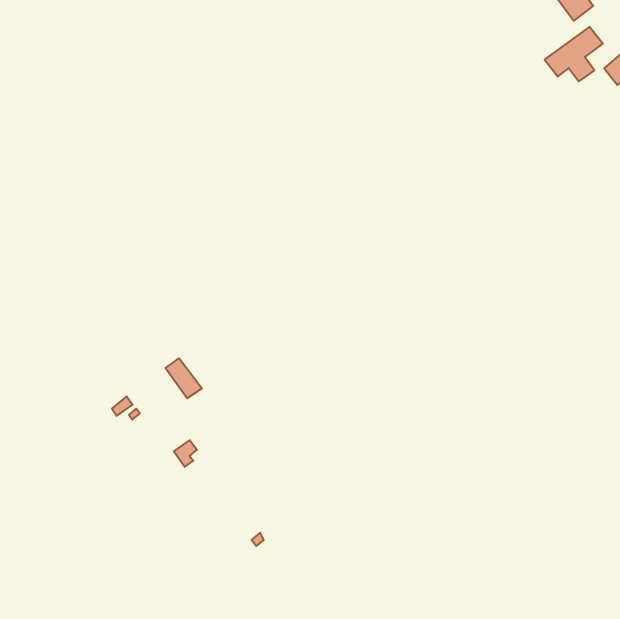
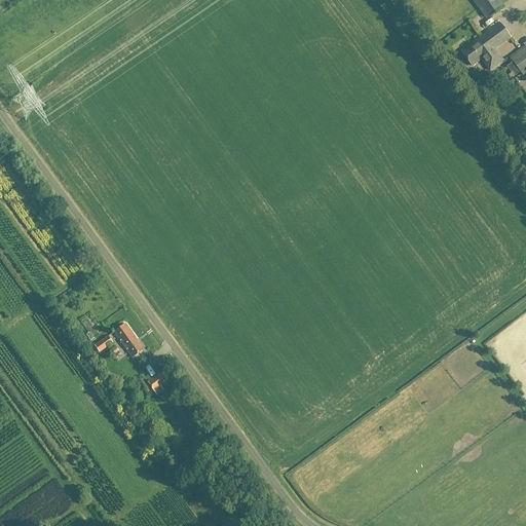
building: [165,358,202,398] -> [114,323,145,356]

